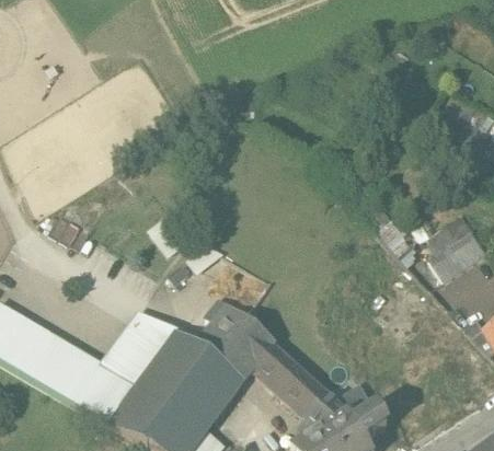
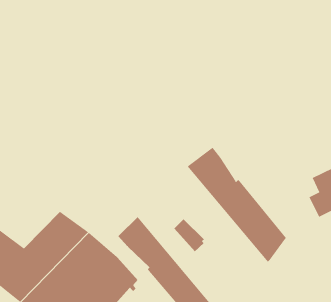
building: none -> [187,147,287,263]
building: [214,343,252,380] -> [174,219,205,252]

